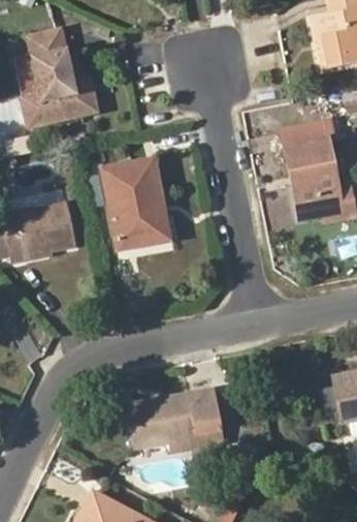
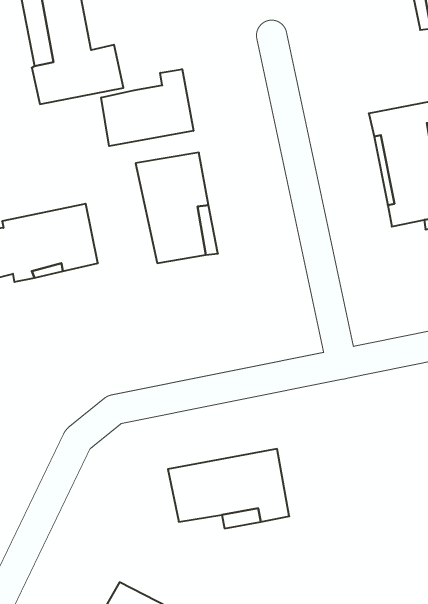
building: none -> [101,69,193,146]

